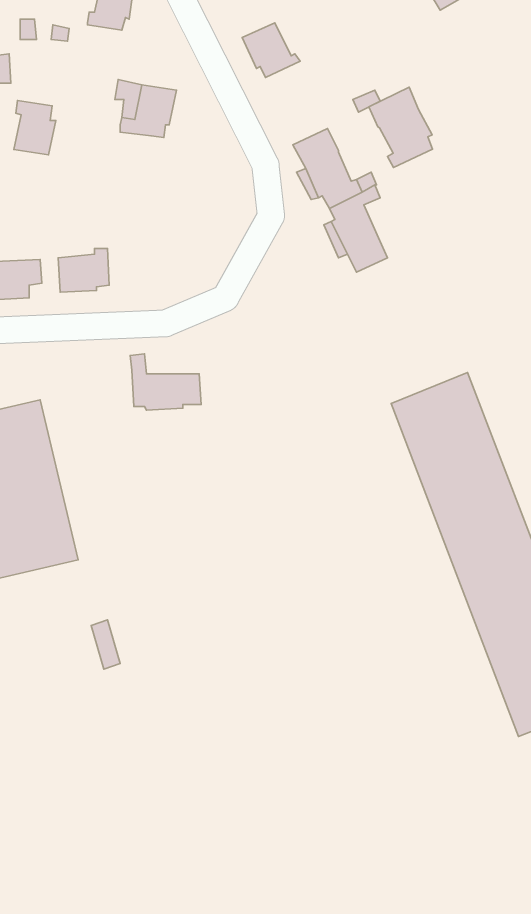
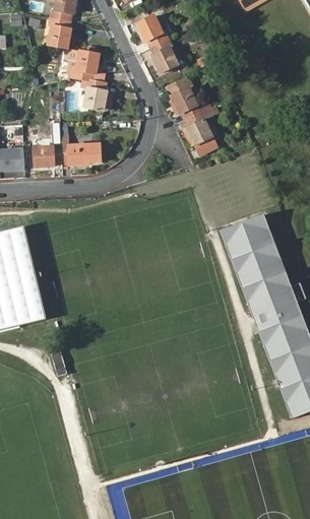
building: none -> [149,38,177,72]
building: [369,87,433,168] -> none
building: [14,100,56,155] -> [48,17,71,48]
building: none -> [77,79,112,111]
building: [130,354,201,410] -> [60,133,100,165]

